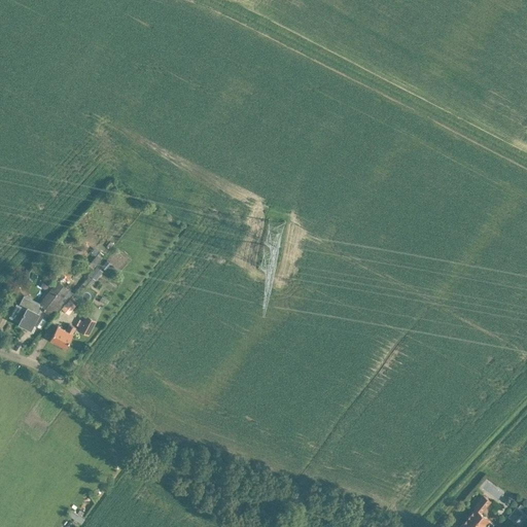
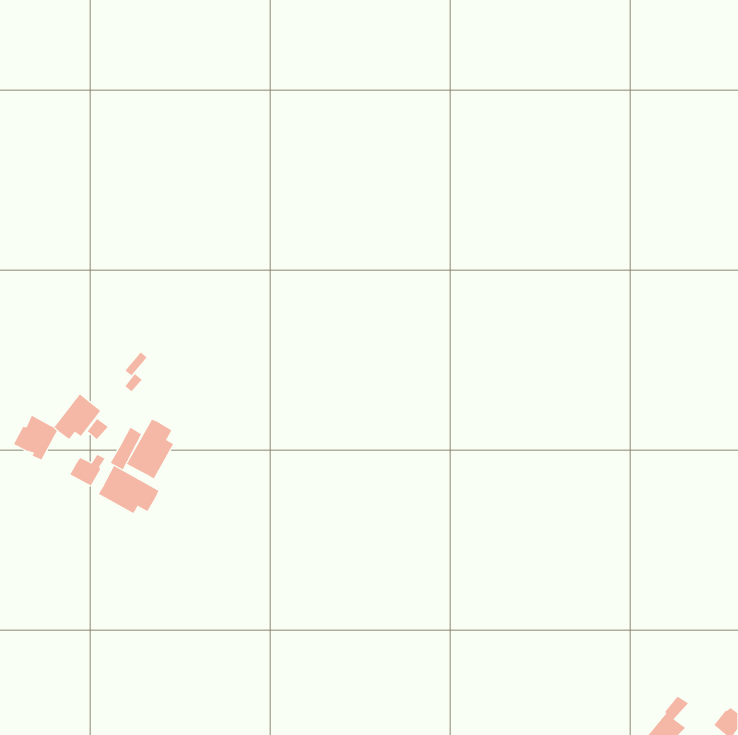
building: none -> [126,419,174,479]
building: none -> [98,465,159,514]

